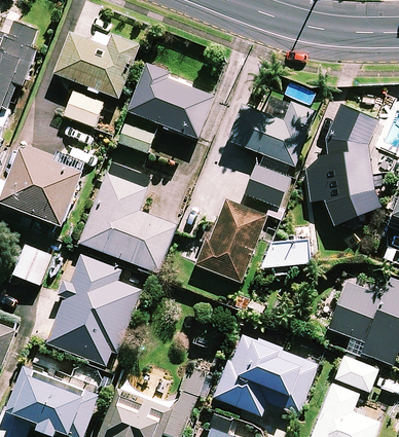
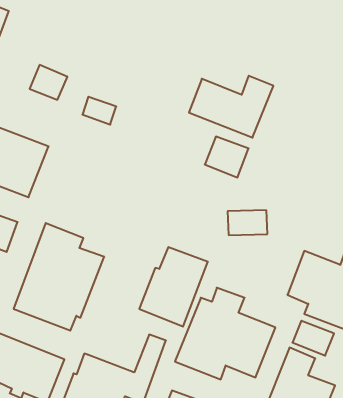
building: [53,29,138,98] -> none
building: [126,64,213,139] -> none
building: [309,106,379,224] -> none
building: [79,162,175,272] -> none
building: [194,199,265,282] -> [139,247,208,327]

